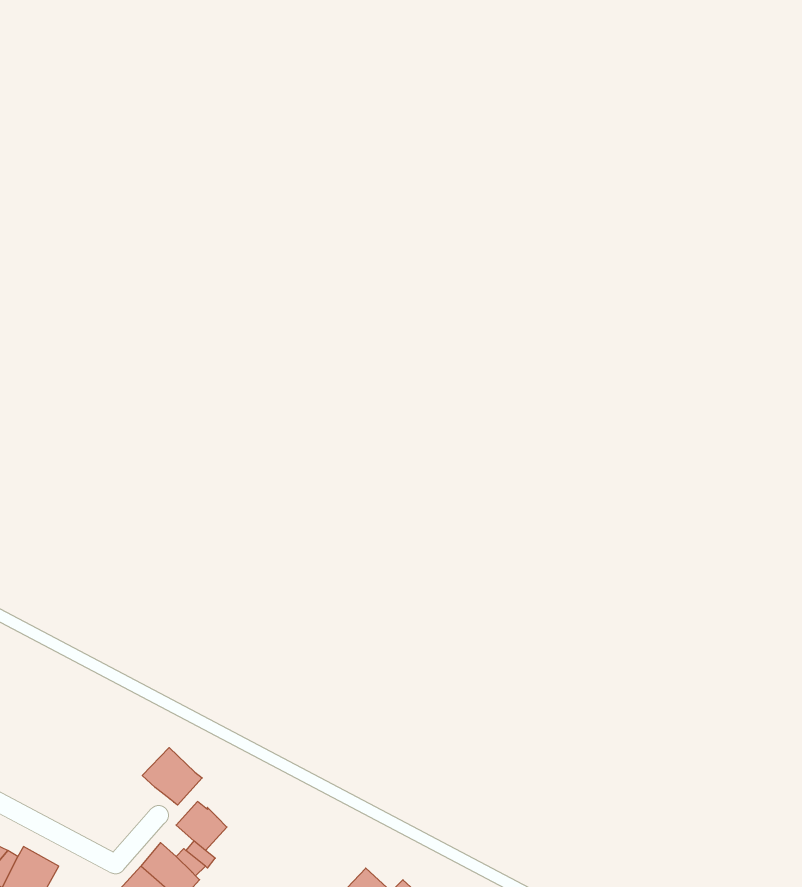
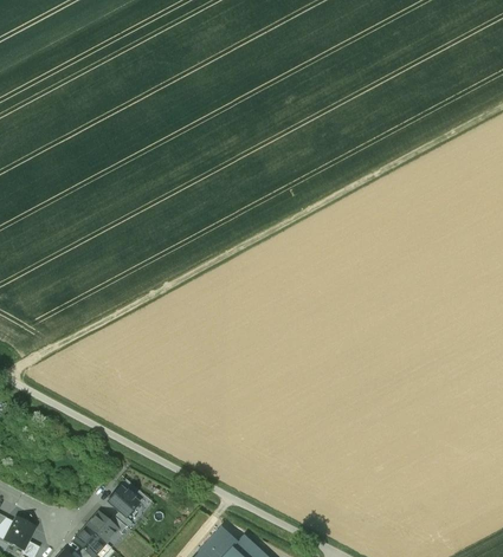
building: [142,748,202,805] -> none

